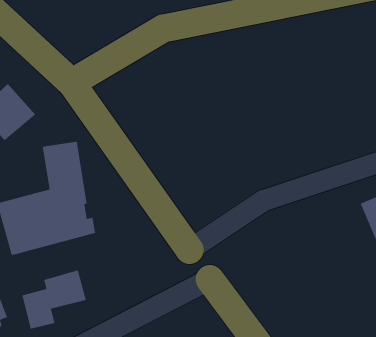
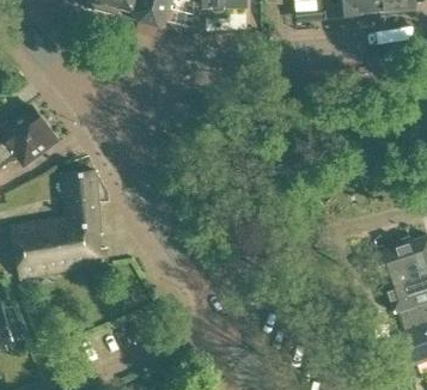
building: [22,270,86,330] -> none

